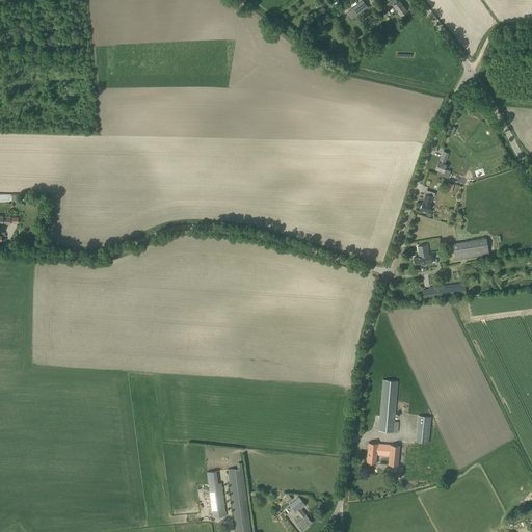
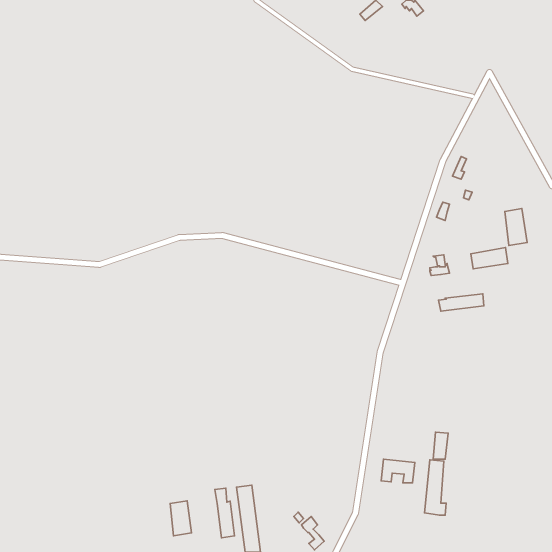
building: none -> [505,209,527,246]
building: [378,379,399,432] -> [424,460,446,515]
building: none -> [170,501,191,536]

